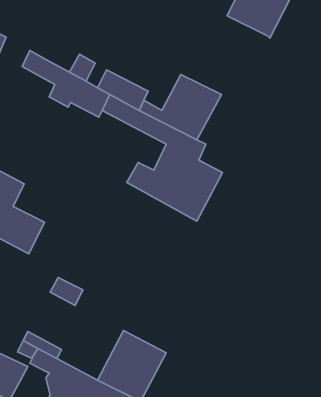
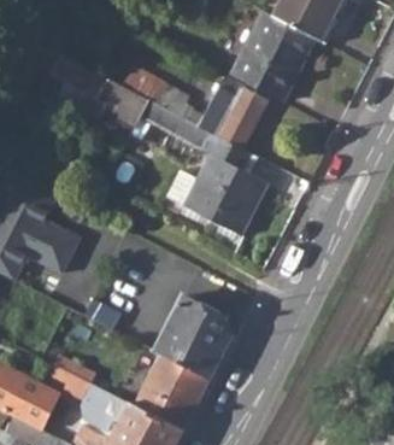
building: none -> [229,12,317,104]
building: none -> [154,295,231,379]

